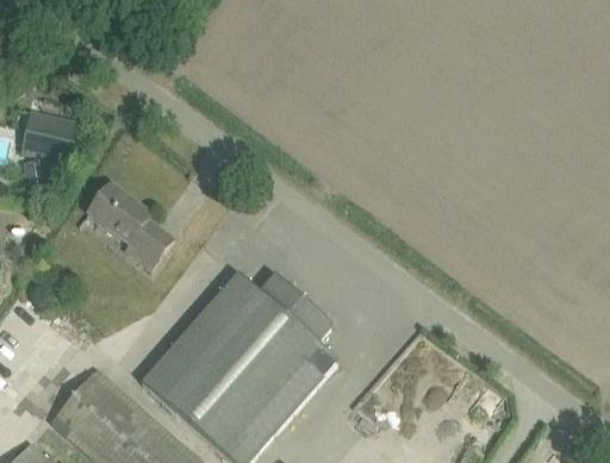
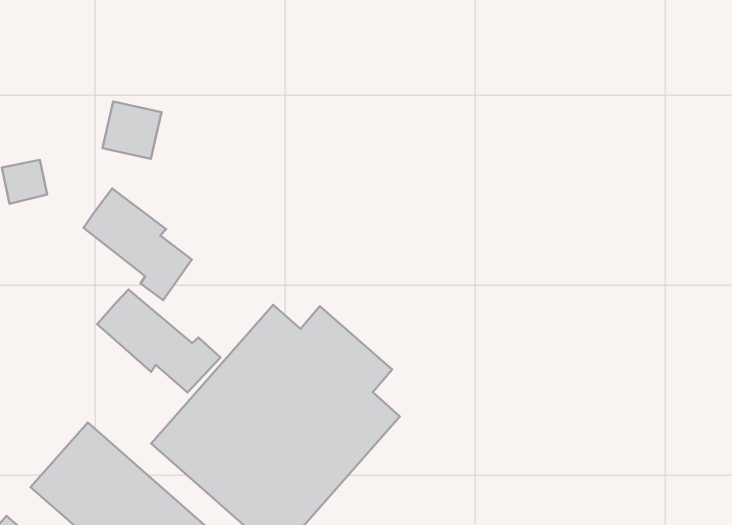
building: [30,115,76,161] -> [103,102,161,159]
building: none -> [97,289,220,393]

